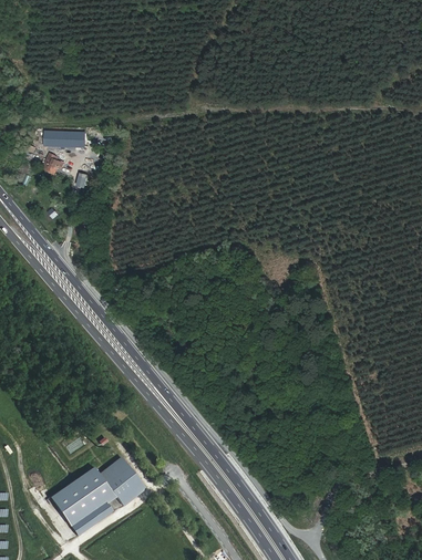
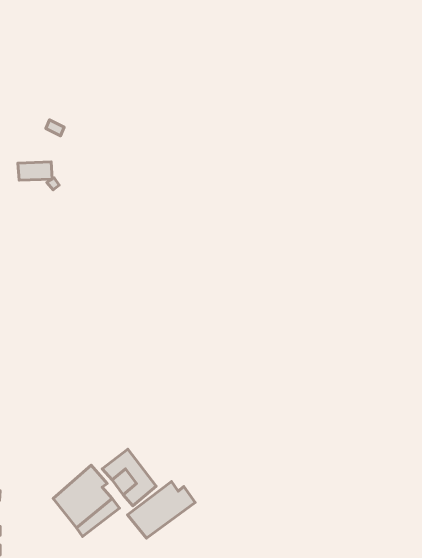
building: [41,133,72,149] -> [18,162,52,180]
building: none -> [128,481,195,538]

